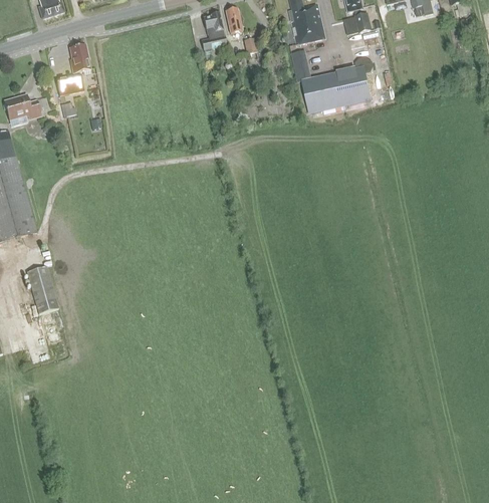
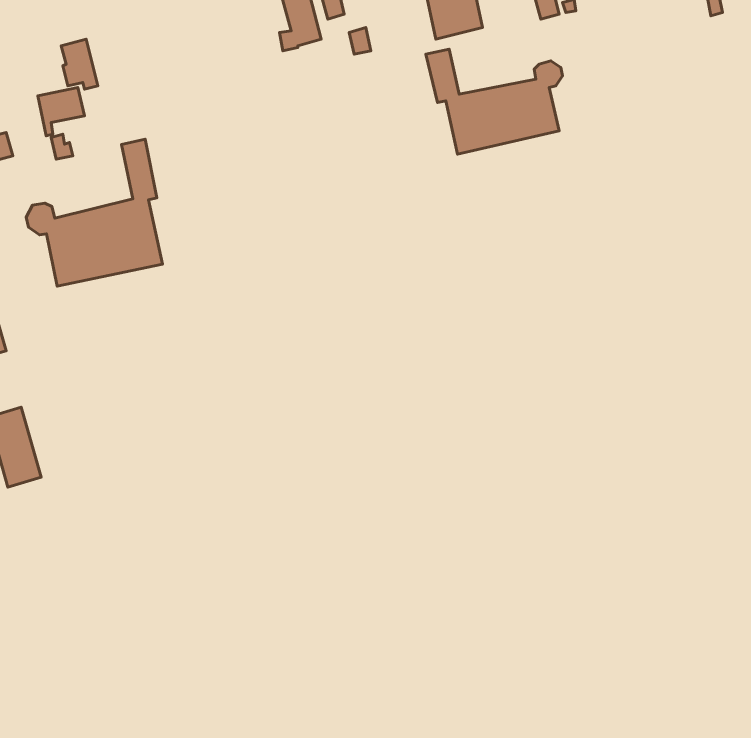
building: none -> [26,139,162,286]

